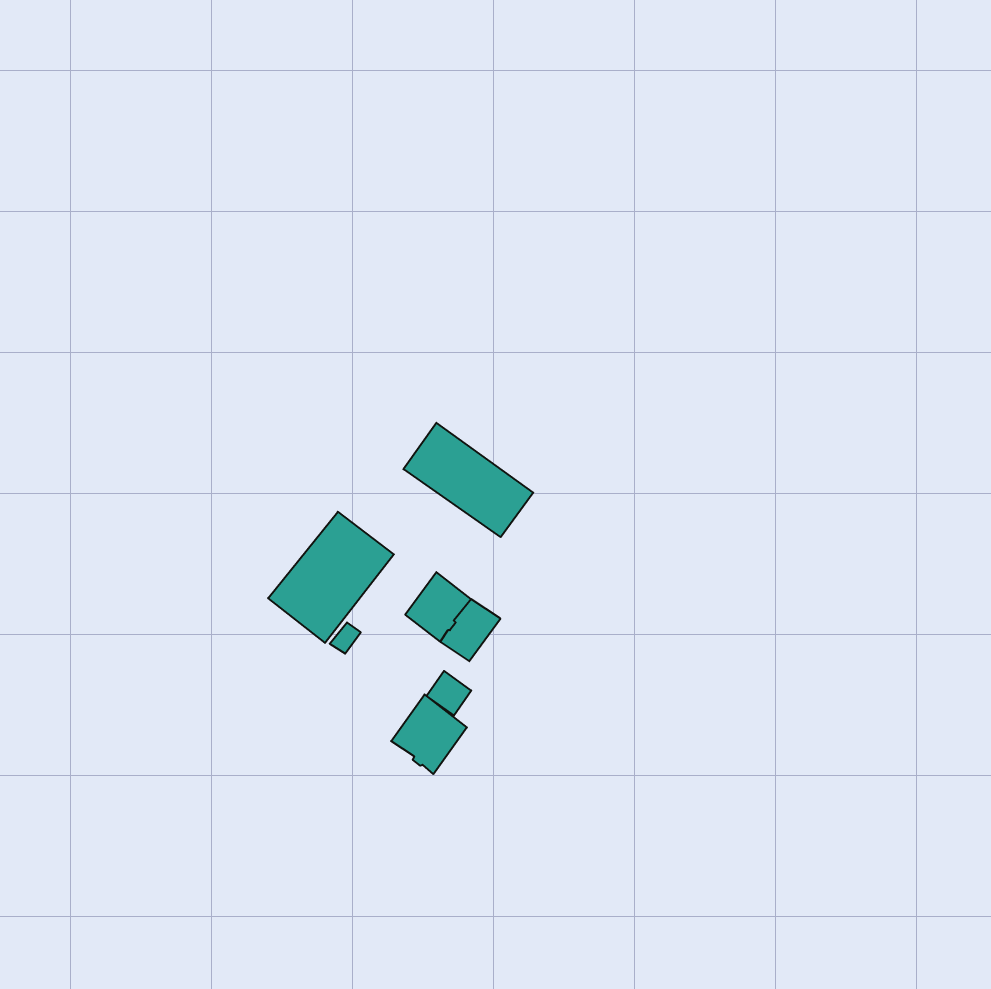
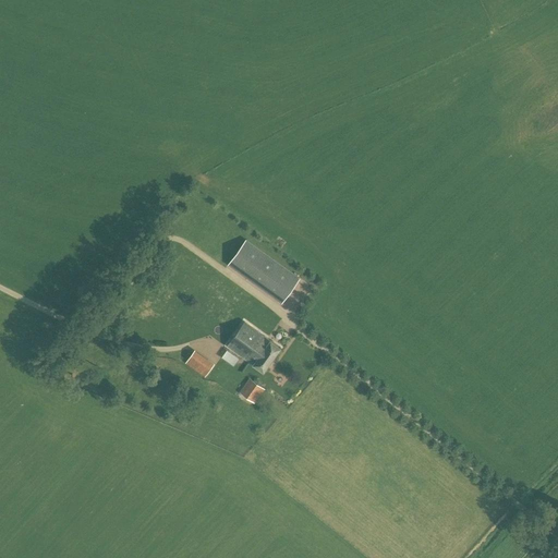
building: [268,512,394,643] -> none
building: [391,694,467,774] -> none

